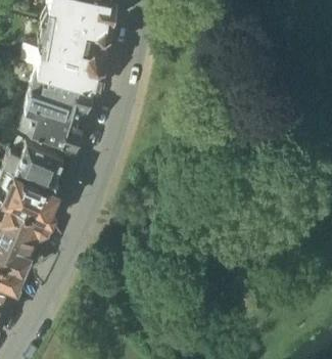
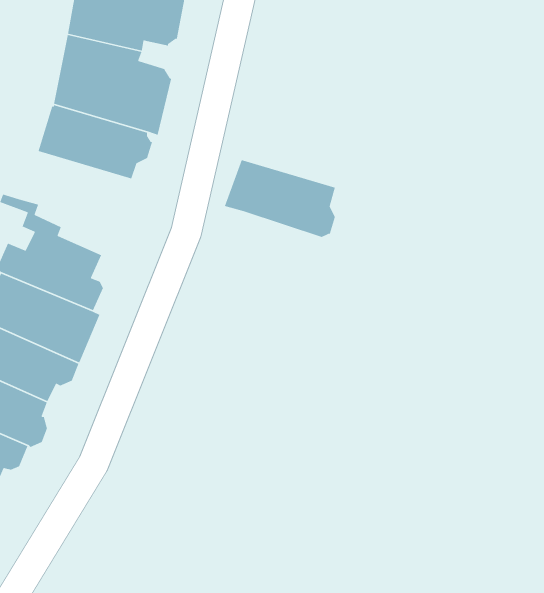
building: [17,97,83,143] -> [224,159,336,238]

